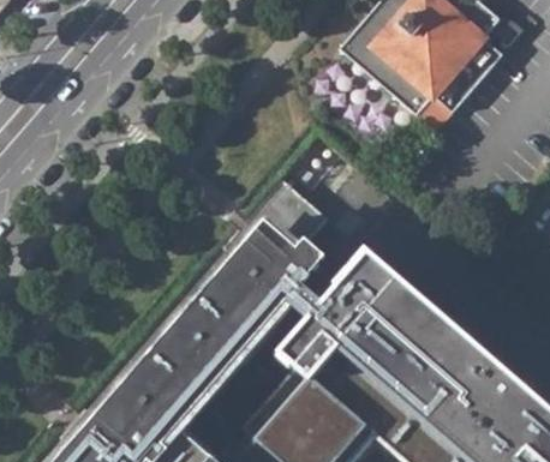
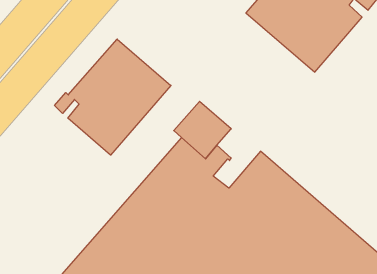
building: none -> [55,39,171,155]

